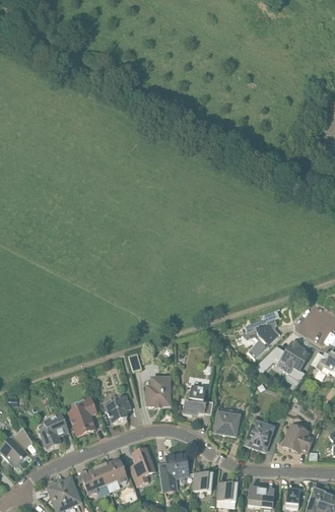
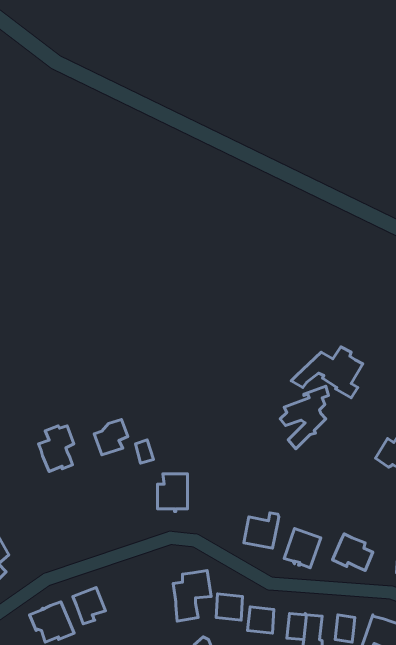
building: [253,341,309,381] -> [291,347,363,398]
building: [182,384,206,414] -> none
building: [105,395,131,423] -> [94,420,128,455]
building: [68,398,95,434] -> [39,426,74,471]
building: [39,411,68,449] -> none
building: [130,448,155,486] -> none
building: [98,459,127,485] -> none

